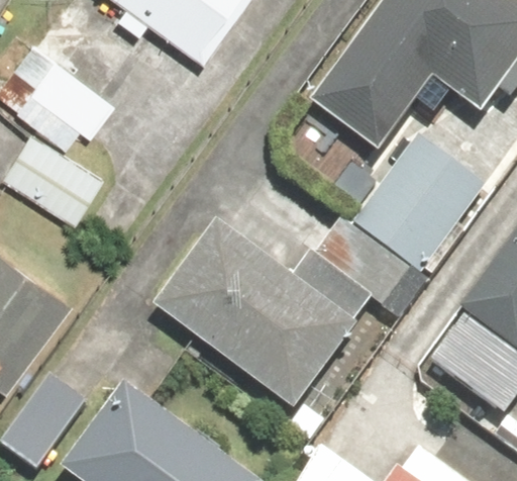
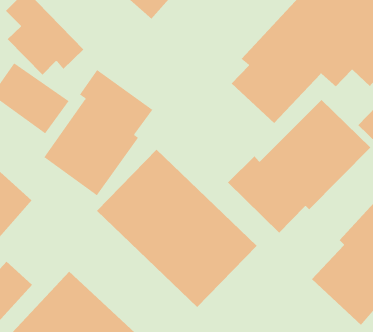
building: none -> [44,69,153,196]

